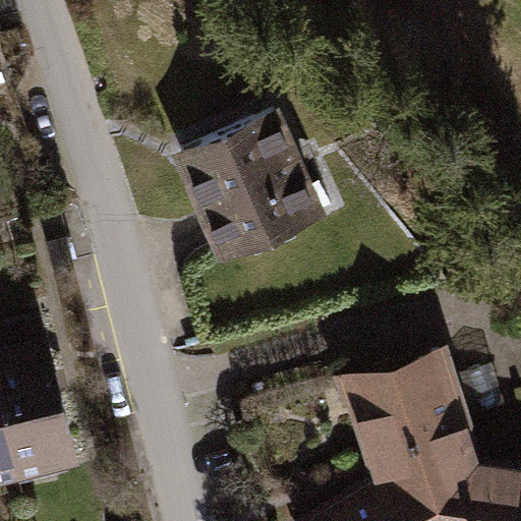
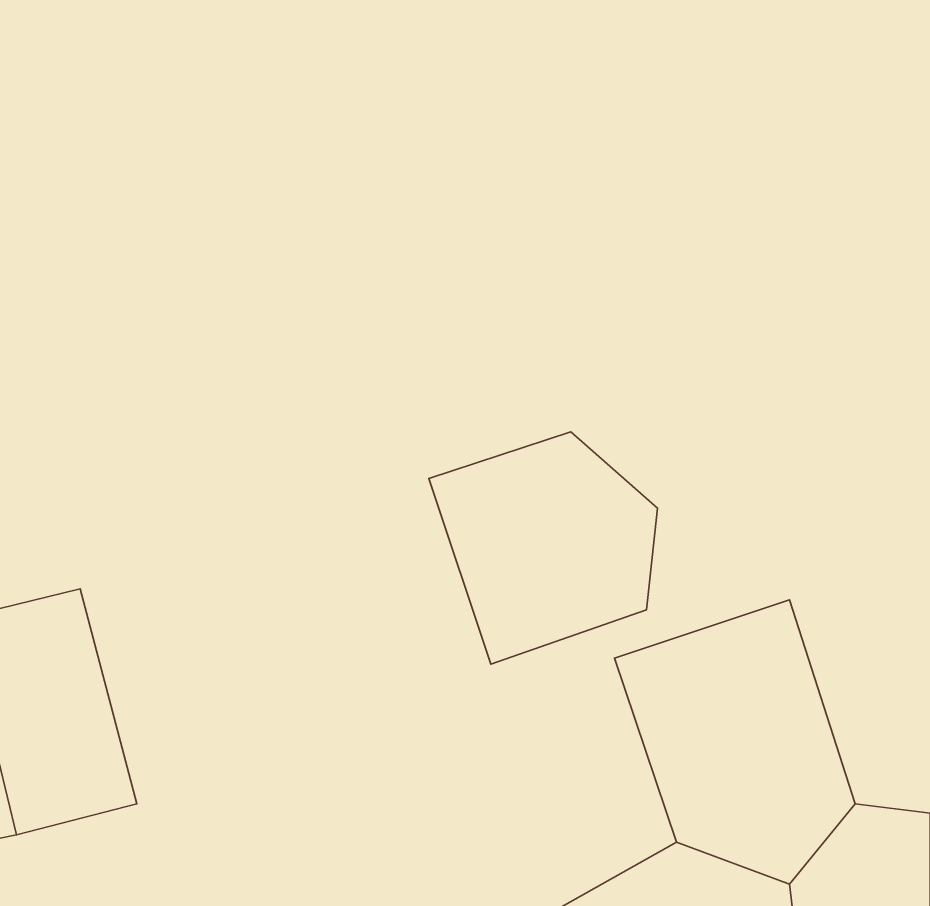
building: [178,119,324,267] -> none
building: none -> [429,432,658,664]

